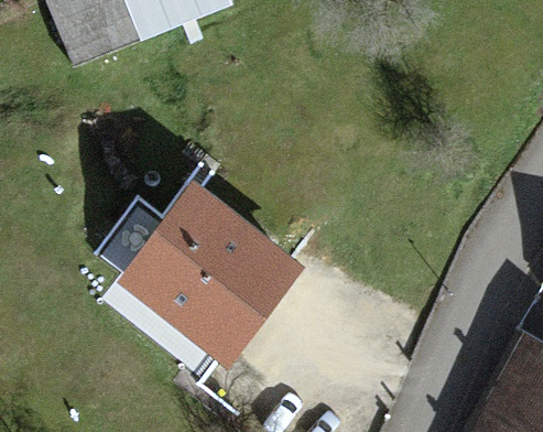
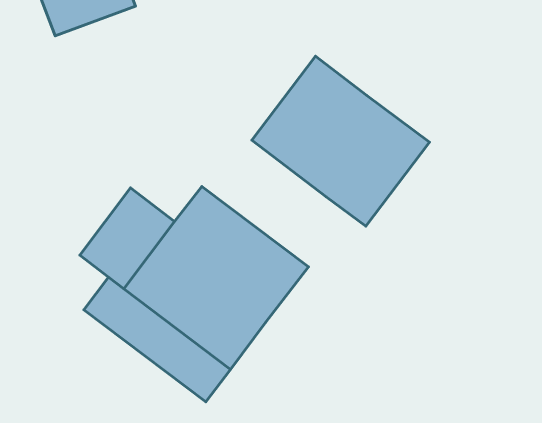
building: none -> [252,56,429,226]

